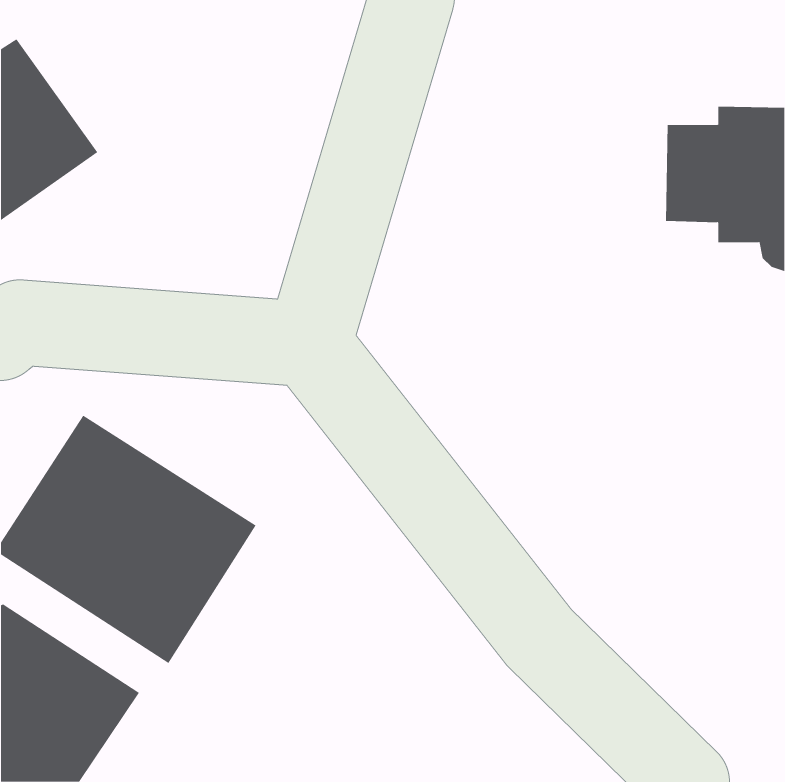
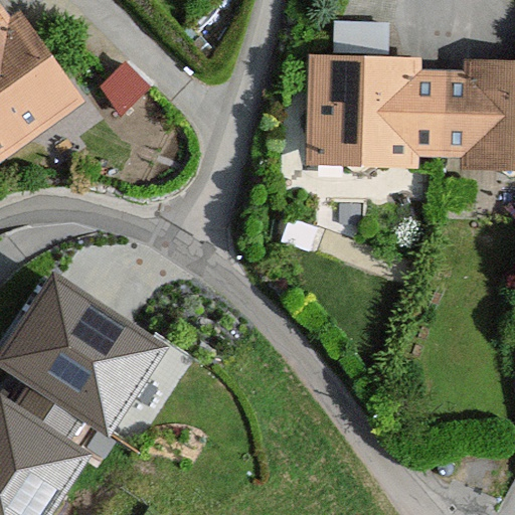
building: none -> [314,64,437,173]

